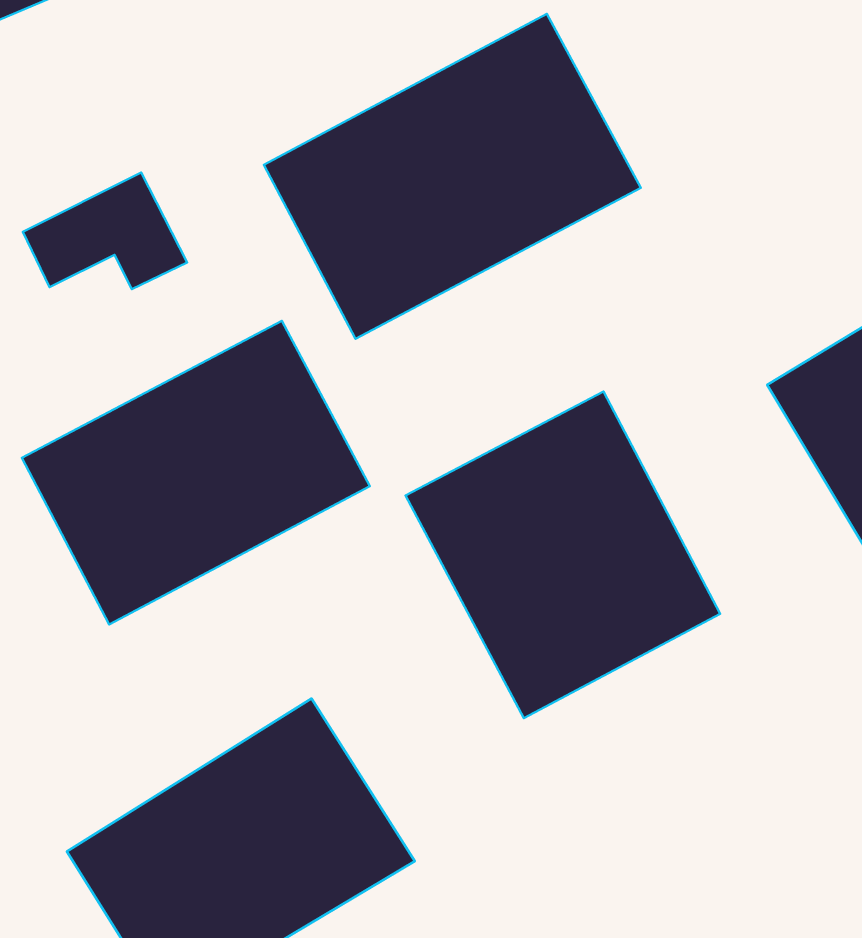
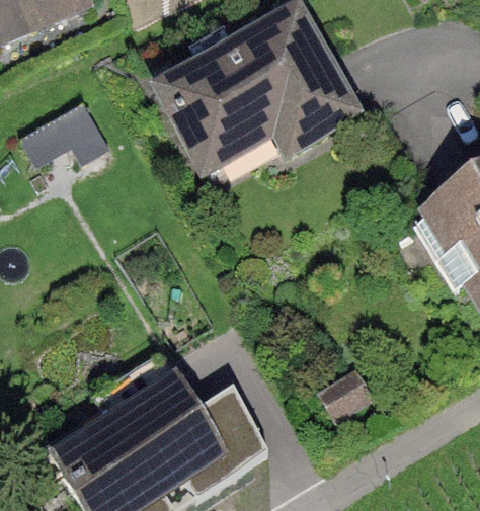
building: [22,321,370,624] -> none
building: [405,392,720,718] -> none

